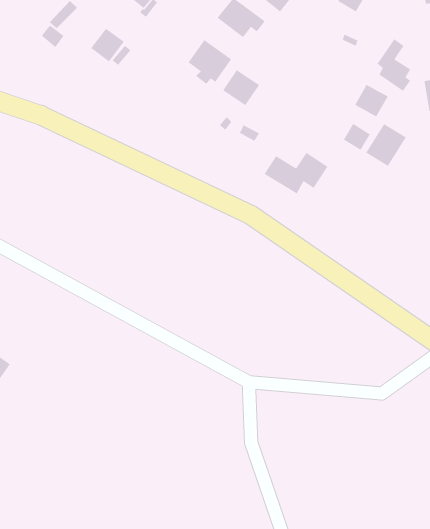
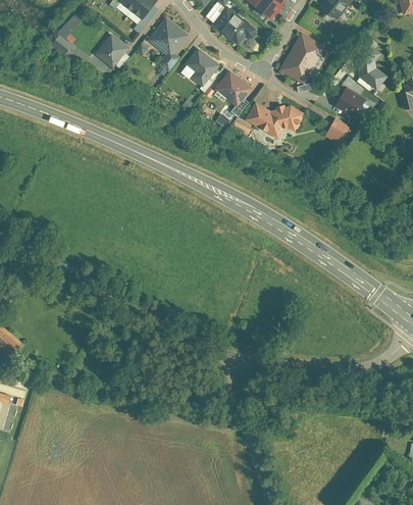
building: none -> [148,20,184,71]
building: none -> [279,37,323,86]
building: [365,123,407,167] -> none
building: [264,152,328,194] -> [246,99,305,138]

